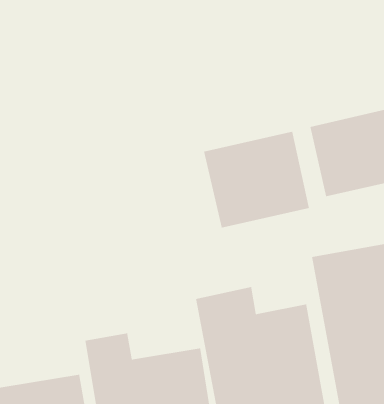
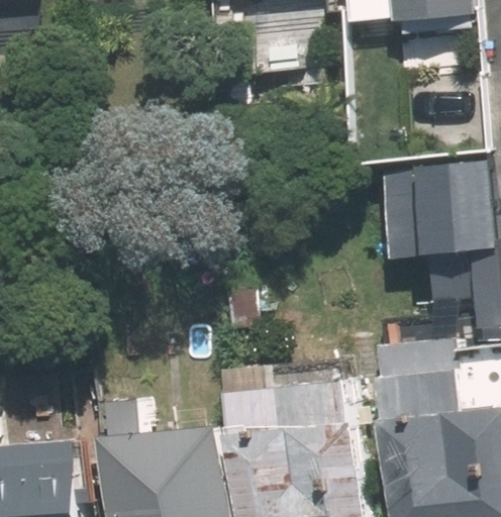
building: [203,131,310,229] -> none

